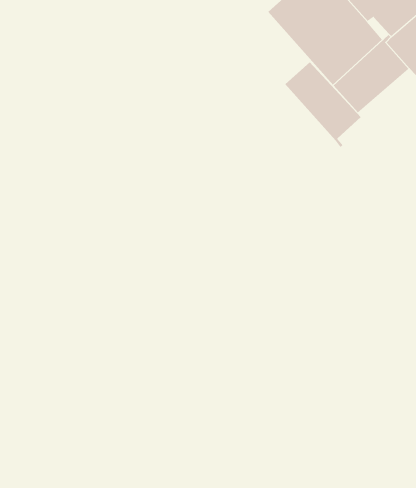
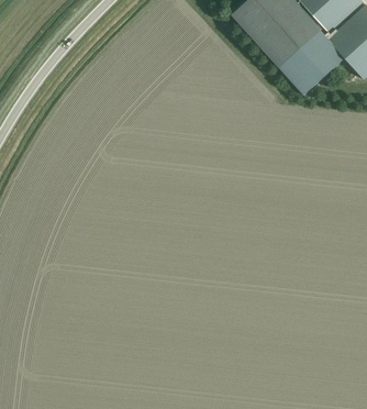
building: [285,61,362,148] -> none

